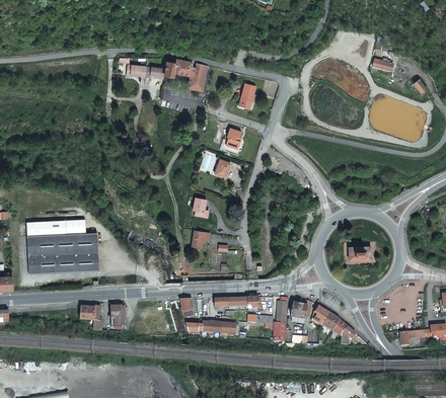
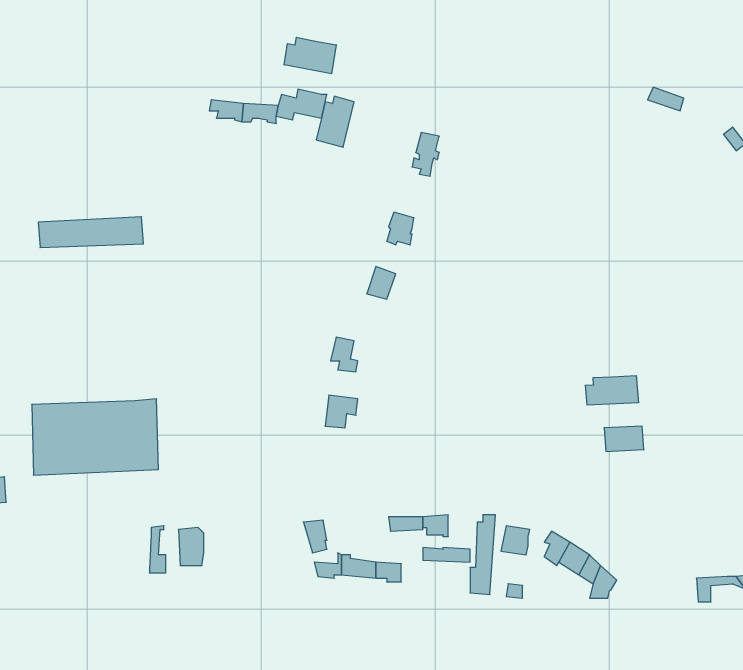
building: none -> [284,37,336,74]
building: [26,218,85,235] -> [38,217,143,248]
building: none -> [585,376,638,405]

